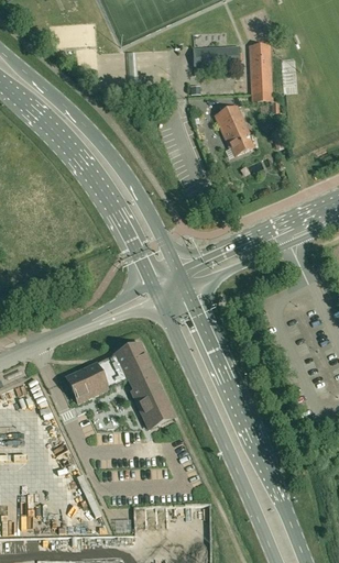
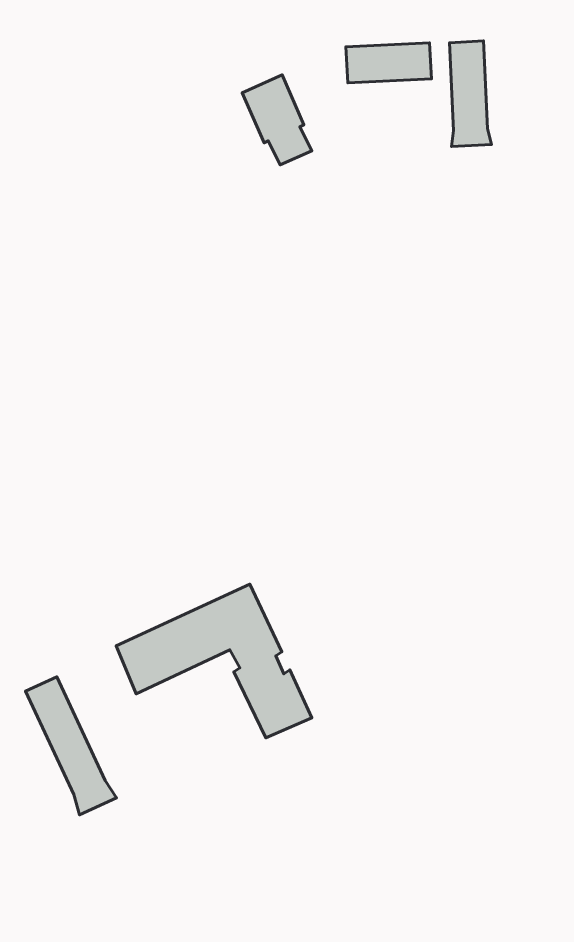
building: [215,103,253,153] -> [242,75,312,165]
building: none -> [25,677,116,815]

